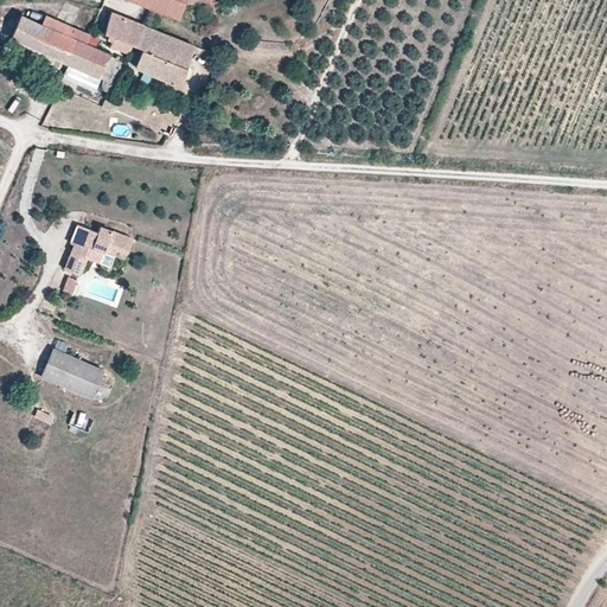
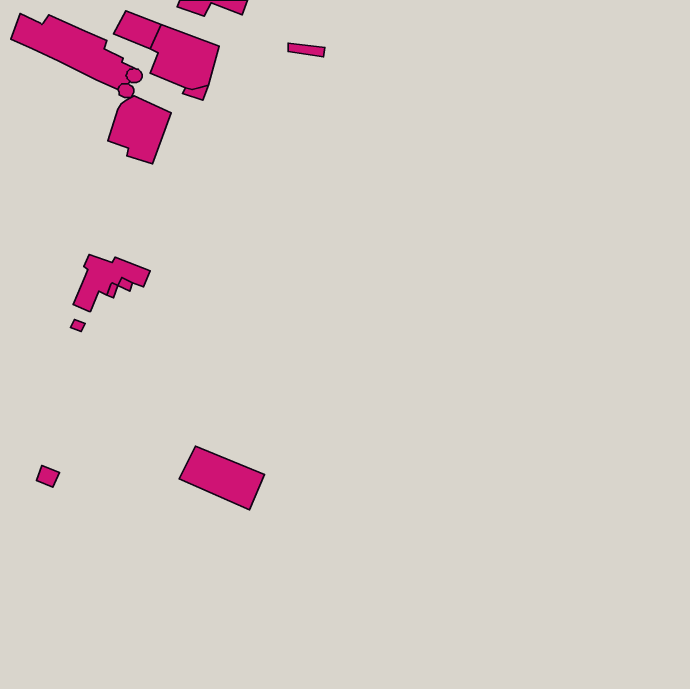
building: none -> [108,96,171,164]
building: [38,350,113,405] -> [179,446,264,510]

